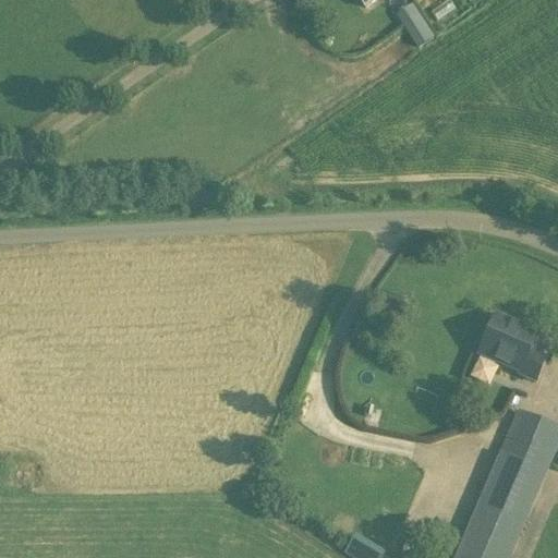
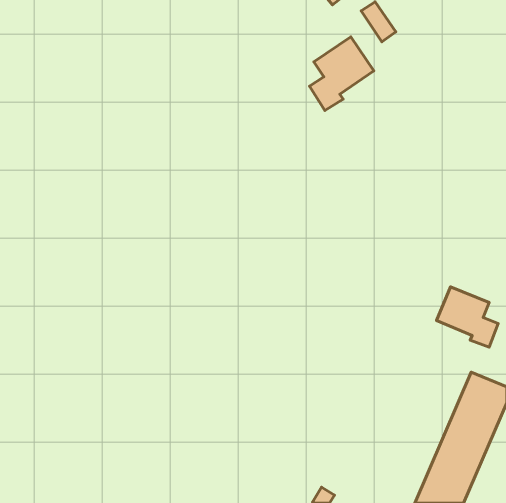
building: none -> [310,37,374,110]

